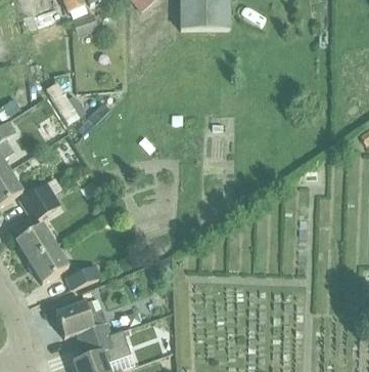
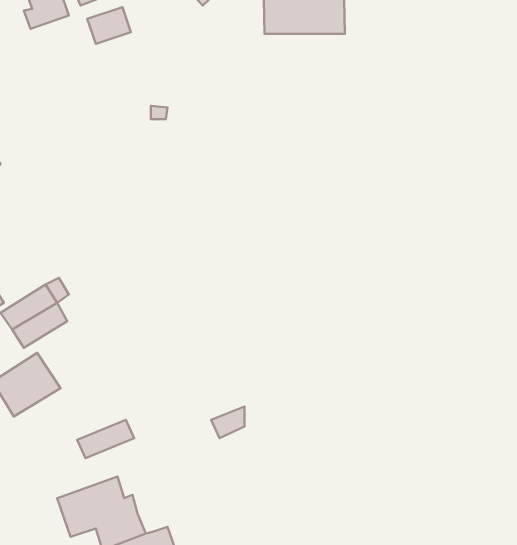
building: [28,245,68,283] -> none

